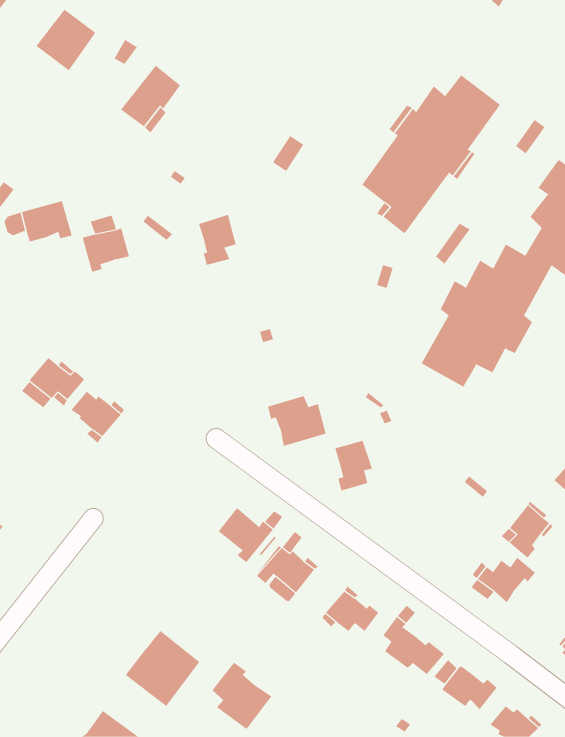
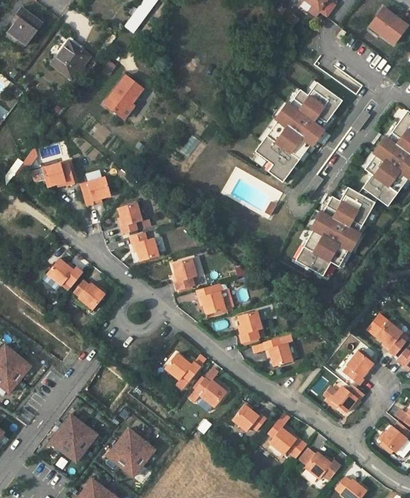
building: [198,214,236,265] -> [118,202,142,234]
building: none -> [130,233,158,262]
building: none -> [173,258,196,291]
building: none -> [264,334,293,367]
building: none -> [49,415,97,463]
building: [212,662,272,730] -> none

